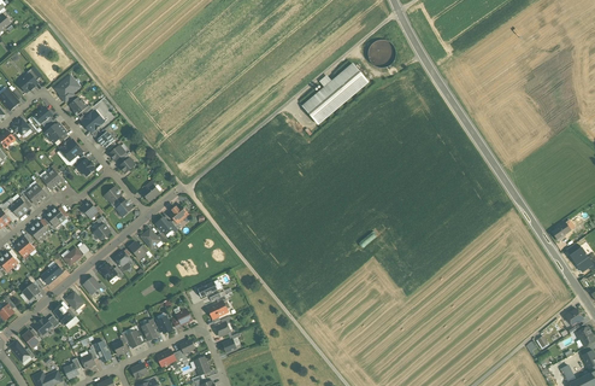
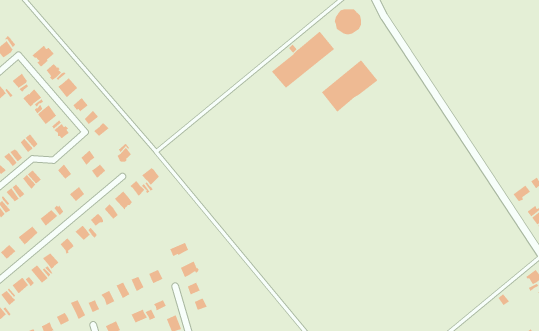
building: none -> [321,59,379,113]

